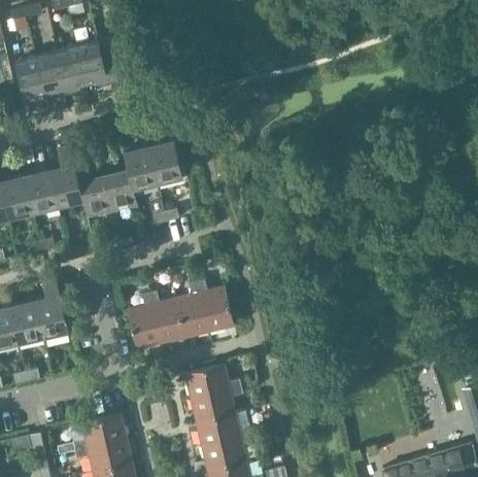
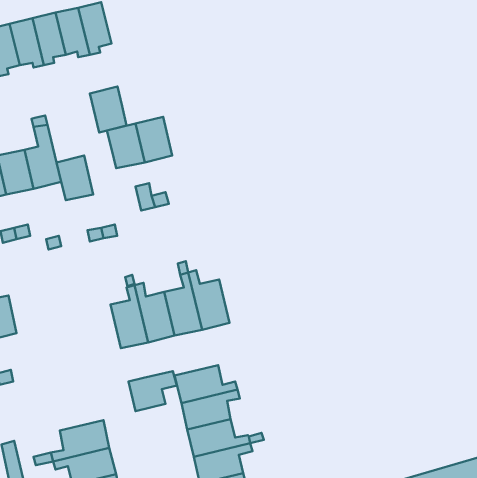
building: [102,170,135,211] -> [90,87,127,132]
building: [34,278,66,336] -> none
building: none -> [128,371,177,411]

